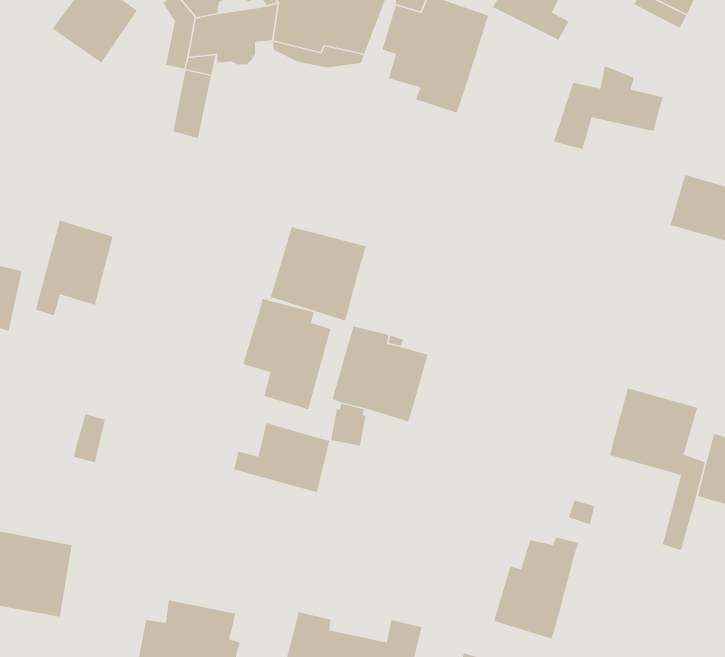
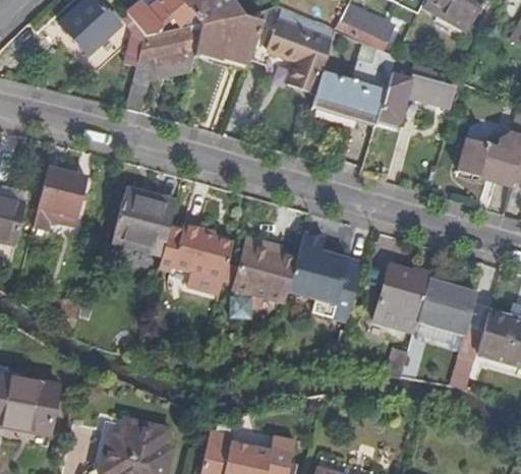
building: none -> [314,49,399,120]
building: [270,226,367,322] -> [112,187,177,251]
building: none -> [288,231,365,319]
building: [233,422,330,493] -> none
building: [493,537,580,640] -> [375,266,433,336]

